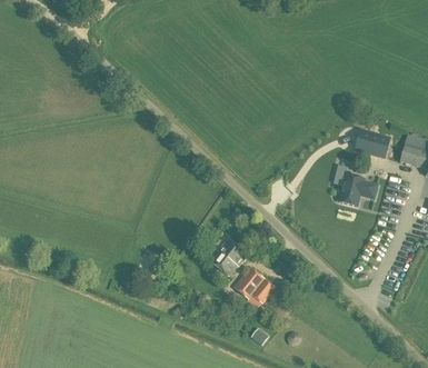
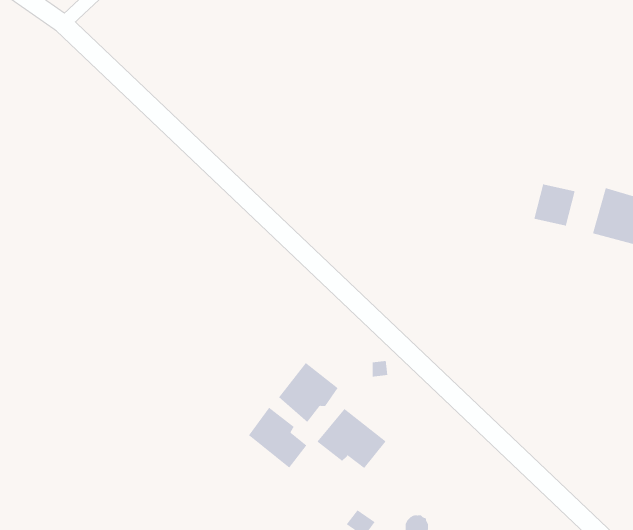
building: [338,173,377,206] -> none
building: none -> [248,407,307,468]

